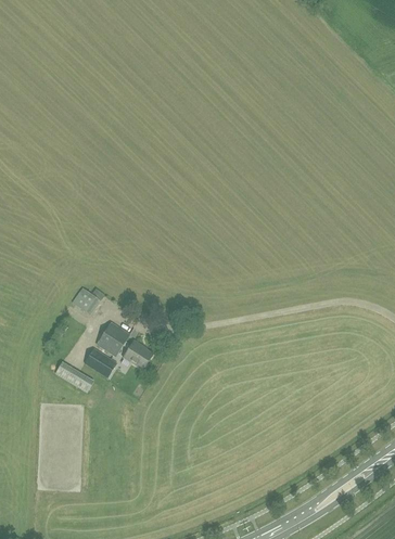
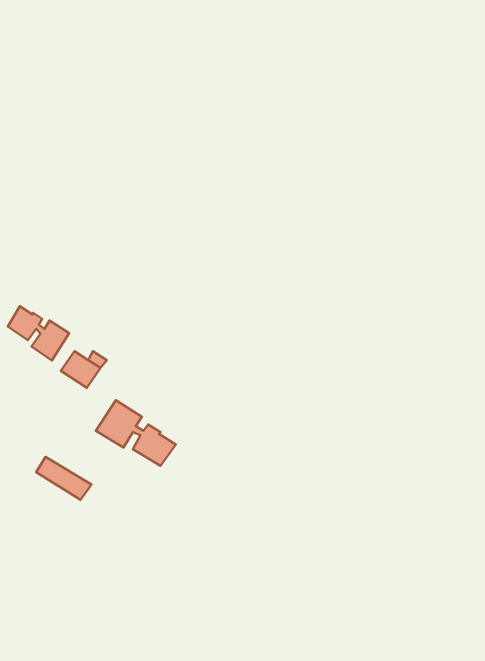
building: none -> [8,306,69,360]
building: [85,347,116,376] -> none

